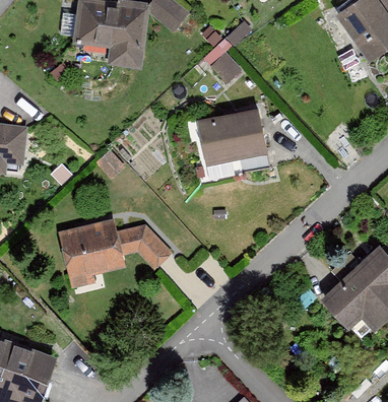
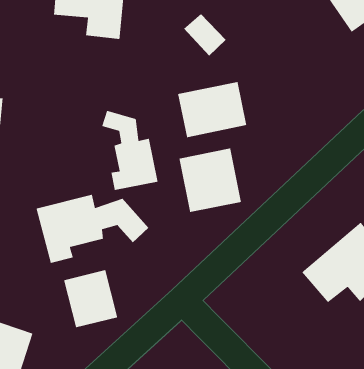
building: none -> [101,110,158,191]
building: none -> [179,147,242,213]
building: none -> [63,269,118,328]

